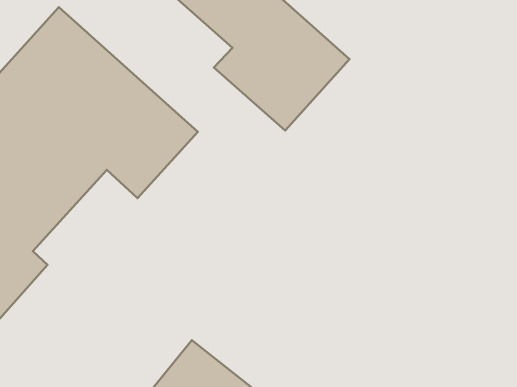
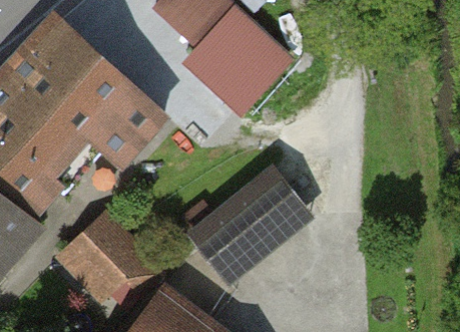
building: none -> [184,155,323,287]
building: none -> [51,212,151,311]

